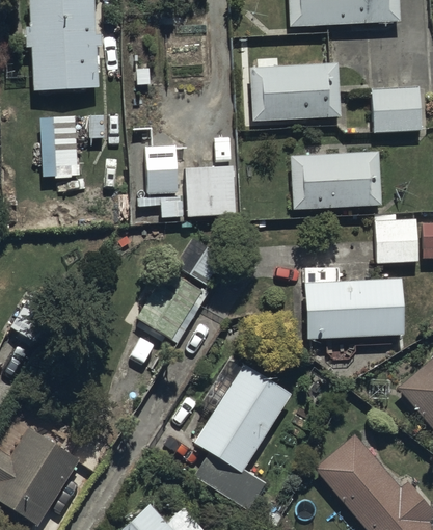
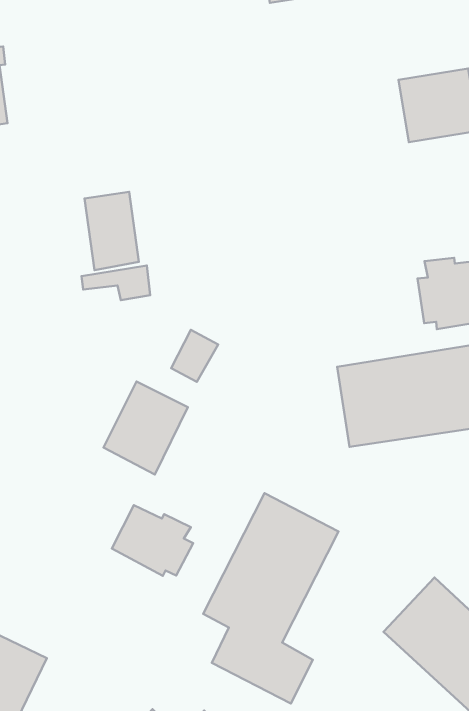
building: [250,62,341,121] -> none
building: [293,153,381,208] -> none
building: [185,166,235,216] -> none
building: none -> [112,505,193,576]

